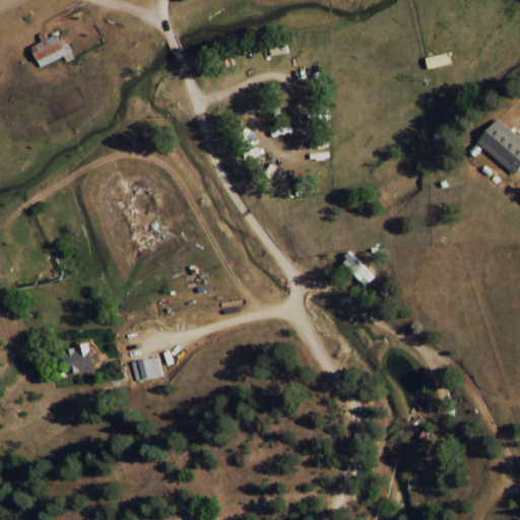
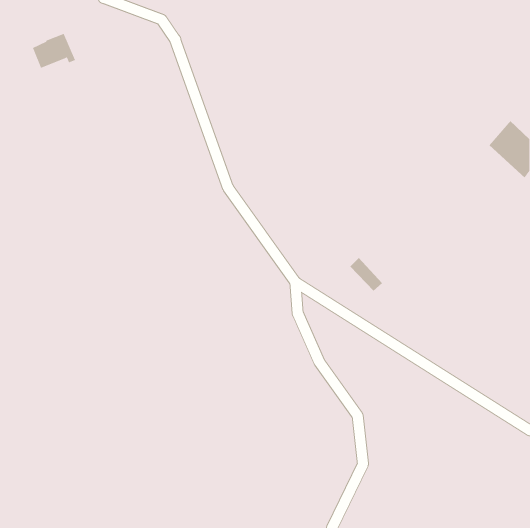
building: [63,342,96,375] -> none
building: [131,355,161,381] -> none

